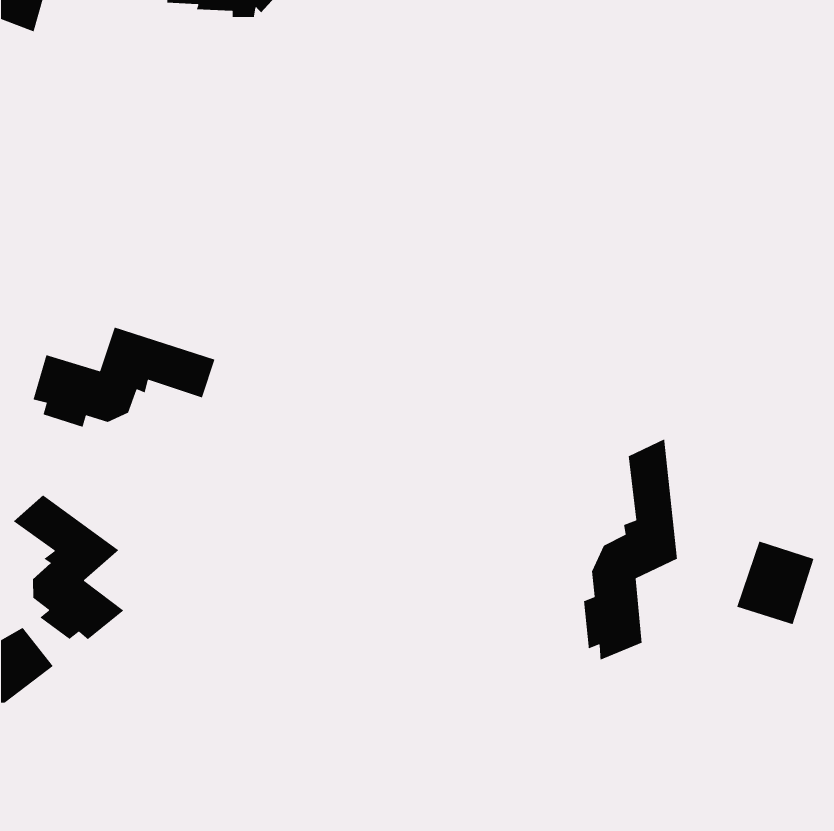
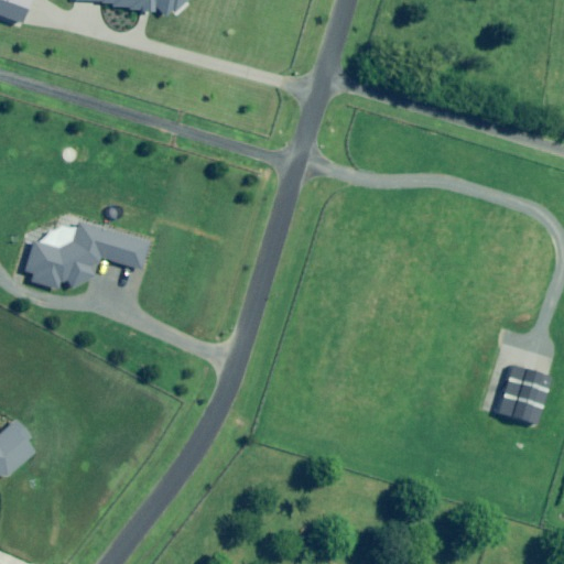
building: [583,438,678,661] -> none
building: [13,495,124,640] -> none

